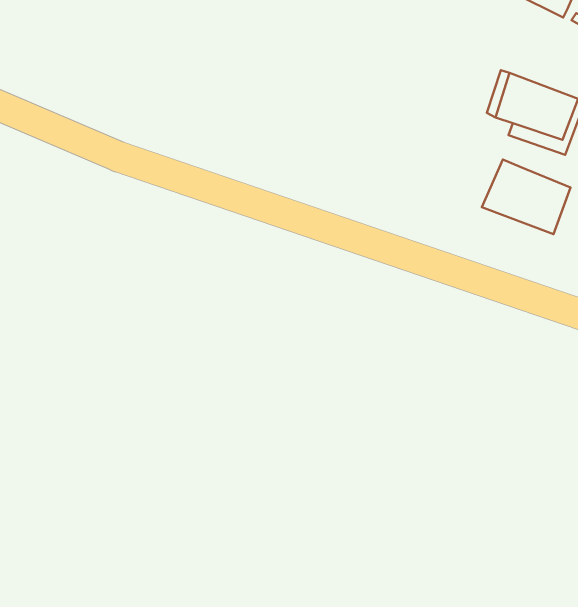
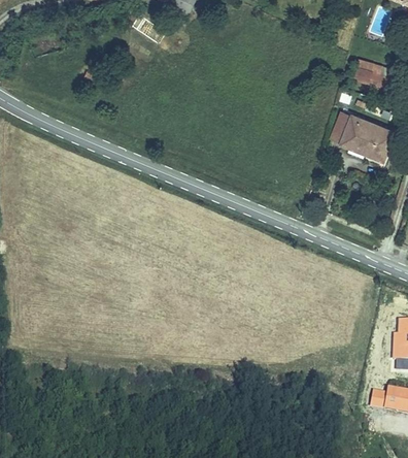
building: [482,159,571,234] -> none

